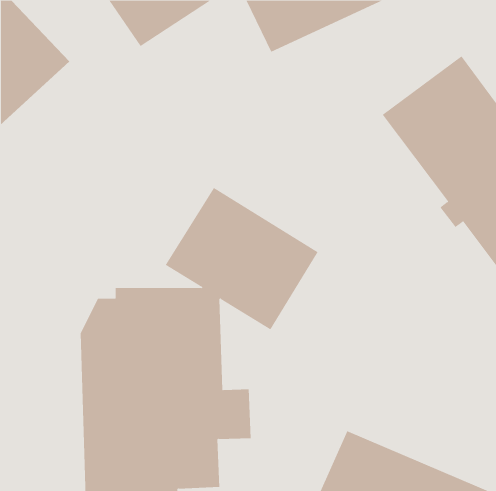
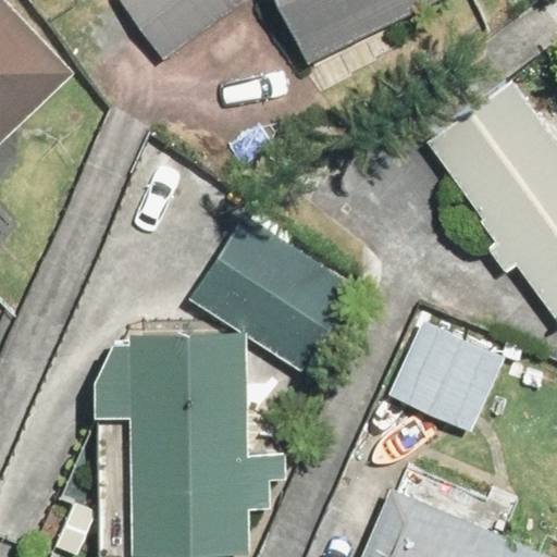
building: none -> [388,318,503,421]

